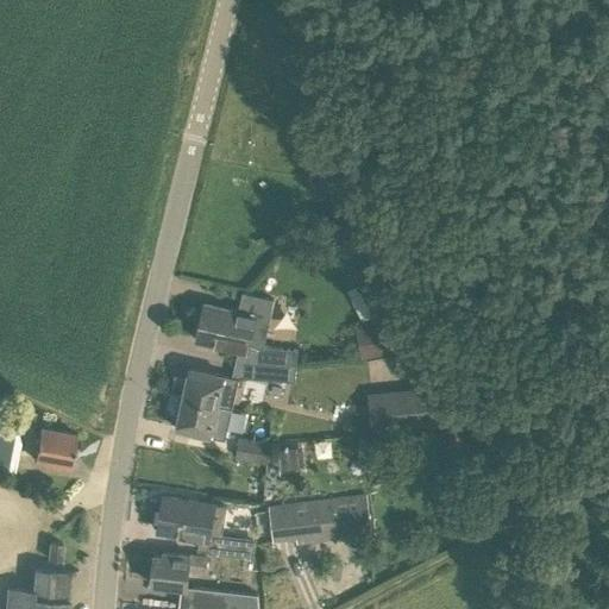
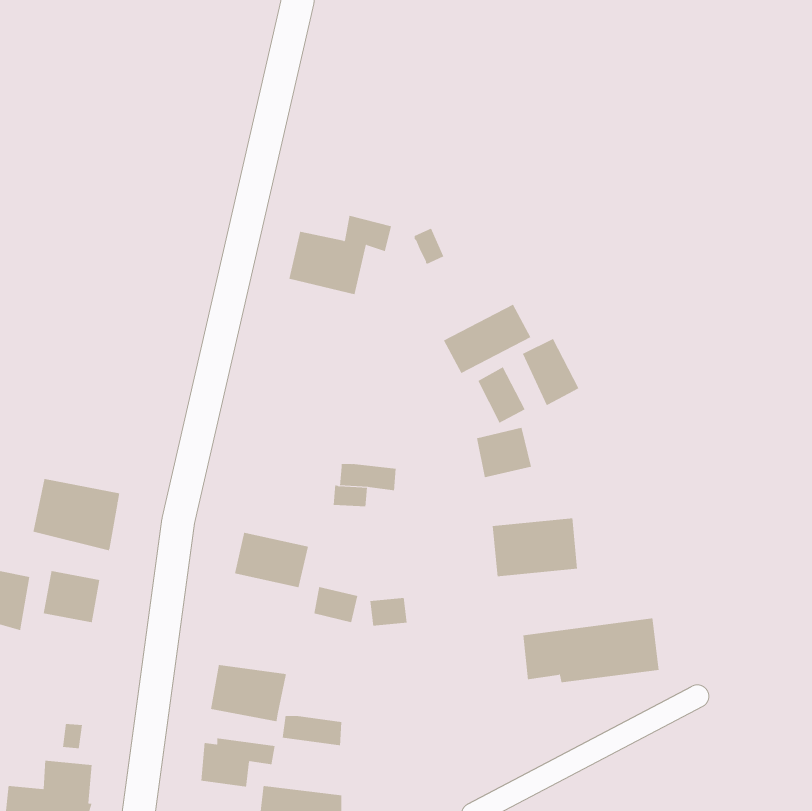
building: none -> [443,304,531,374]
building: none -> [522,338,579,406]
building: [195,294,272,353] -> [288,215,392,295]
building: none -> [33,478,120,551]
building: [182,369,237,410] -> none
building: [269,496,371,545] -> [523,618,659,683]

